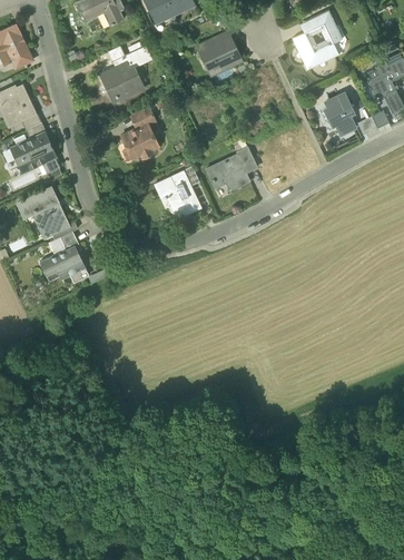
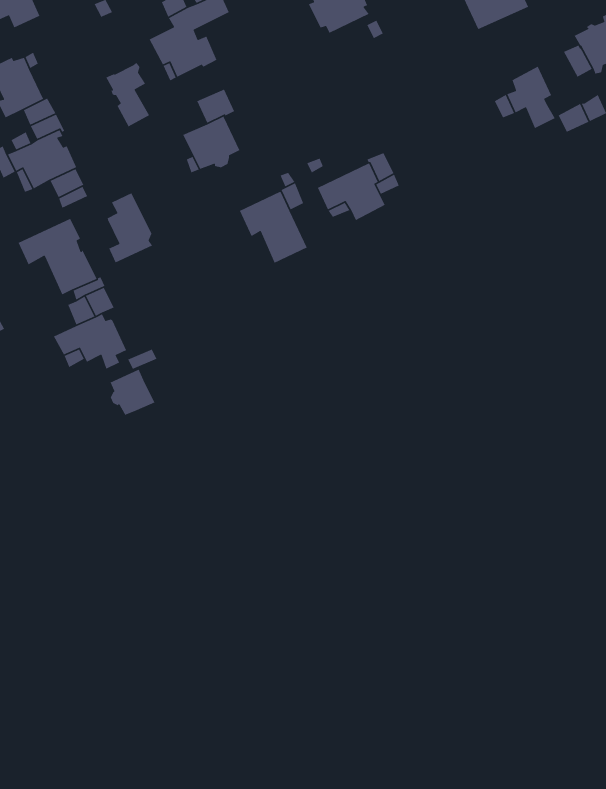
building: none -> [105,62,150,128]
building: none -> [107,192,153,264]
building: none -> [110,368,155,416]

